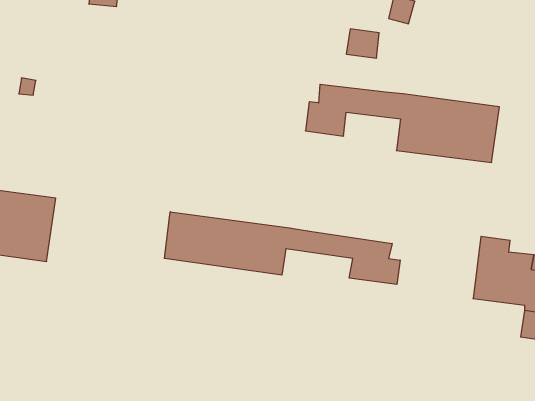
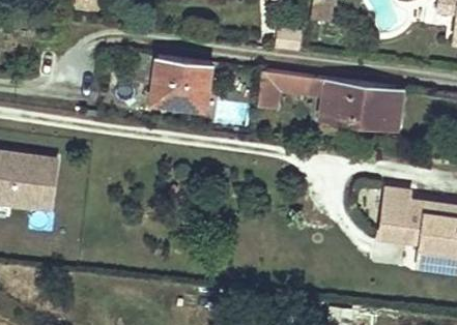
building: none -> [150,56,209,110]
building: [164,212,400,284] -> none

